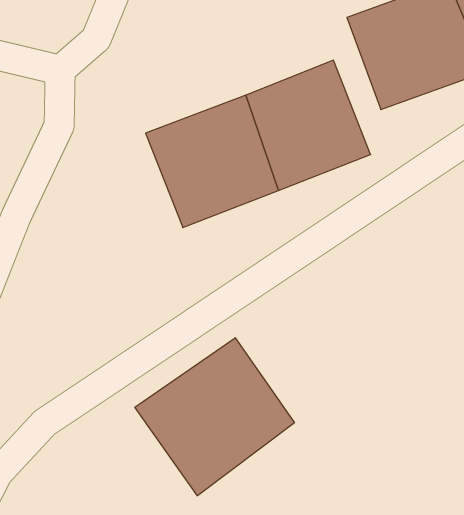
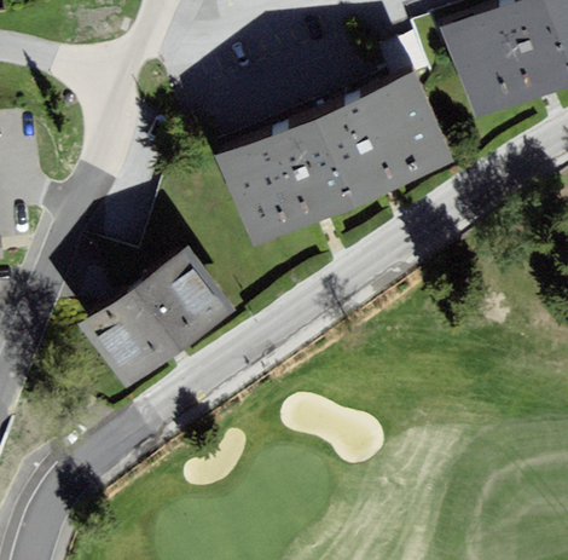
building: none -> [74,246,236,396]
building: [135,338,294,496] -> none

